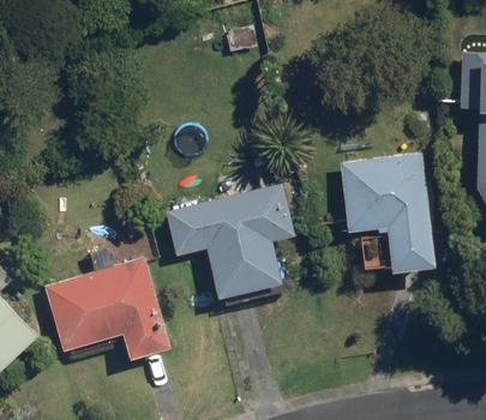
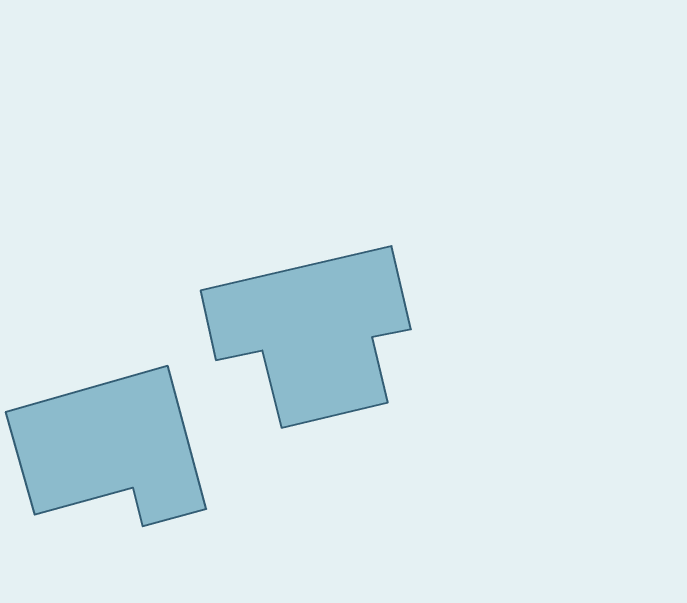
building: [341,154,434,271] -> none

